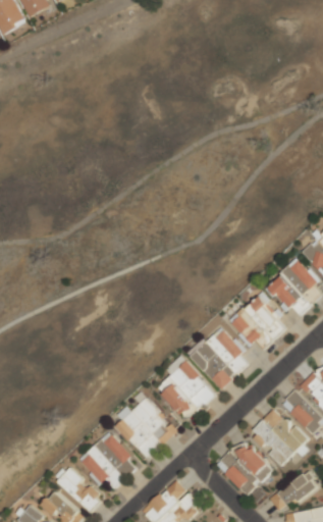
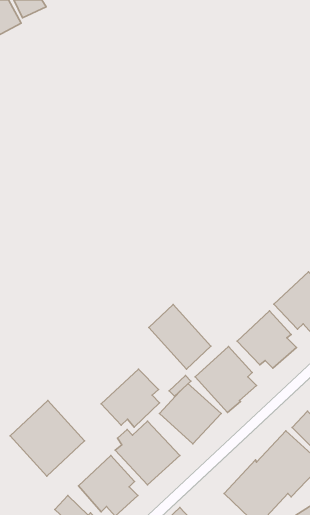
building: none -> [149,304,211,369]
building: none -> [101,369,160,427]
building: none -> [10,401,84,476]

